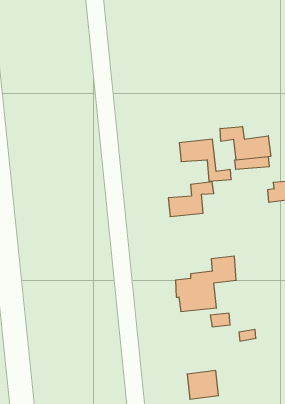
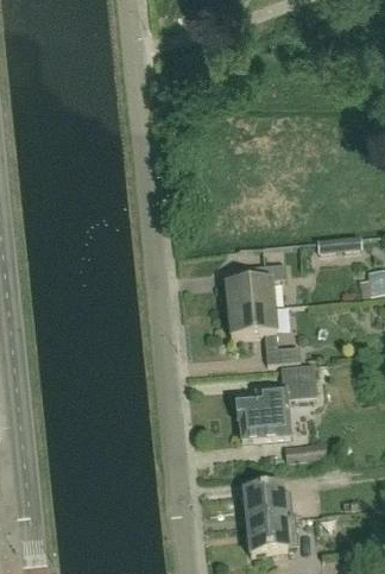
building: [220,126,271,160] -> none
building: [179,139,231,181] -> [228,309,297,365]
building: none -> [247,487,289,523]

